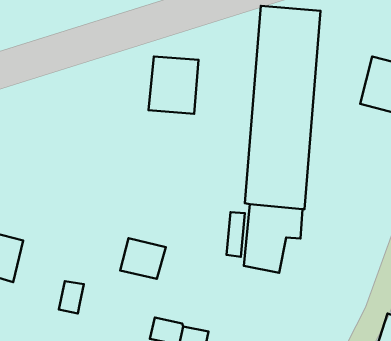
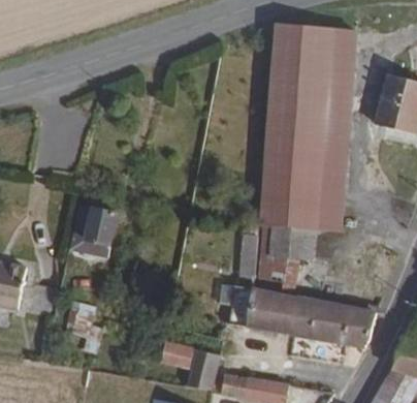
building: none -> [318,27,358,231]
building: [148,56,198,114] -> none
building: [120,238,166,279] -> [75,204,122,245]
building: none -> [246,286,376,348]

